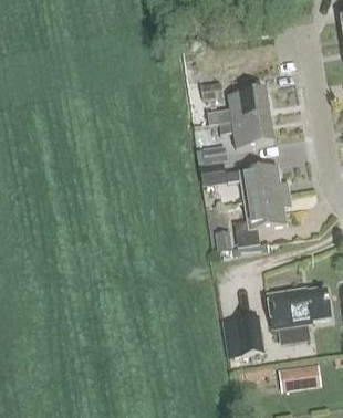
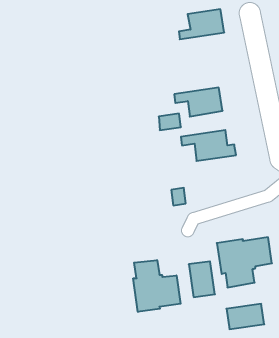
building: [217,87,269,122] -> [179,9,224,39]
building: [233,191,291,230] -> none
building: none -> [133,260,181,312]

